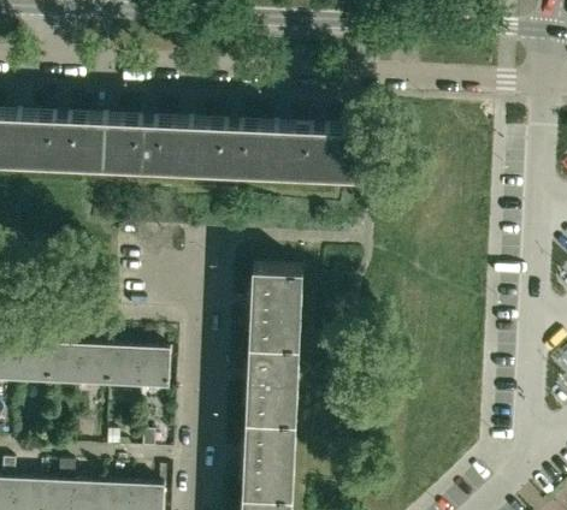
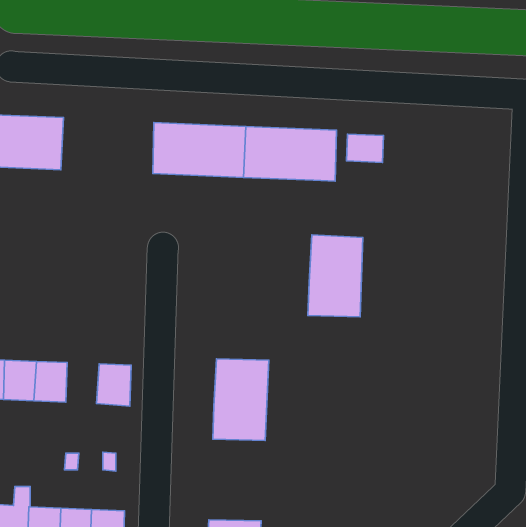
building: [102,117,190,170] -> none
building: none -> [346,134,383,162]
building: [249,268,301,345] -> [308,235,363,317]
building: [107,348,138,386] -> none
building: [242,420,295,497] -> none

